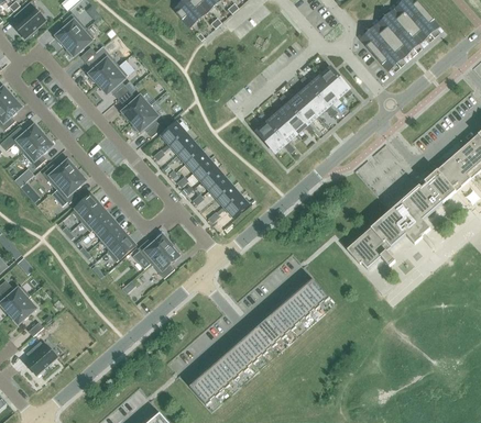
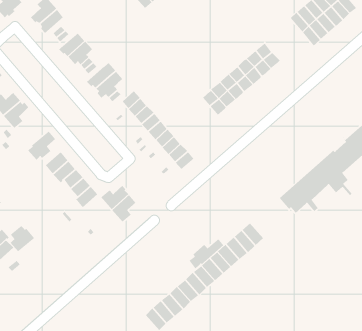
building: [42,157,76,187] -> none
building: none -> [188,238,224,269]
building: [25,342,55,374] -> [10,225,35,252]

